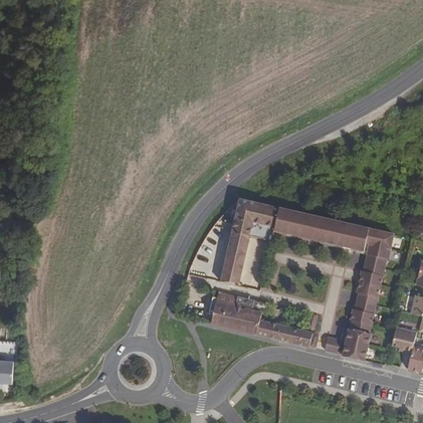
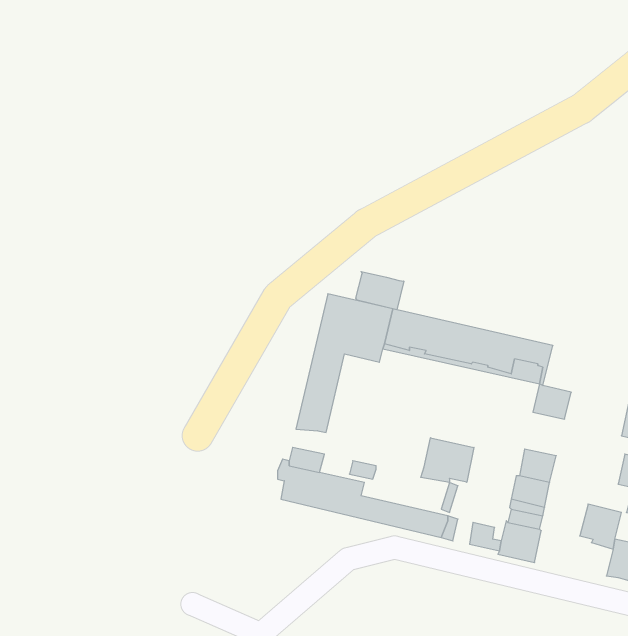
building: none -> [356,272,404,310]
building: [369,229,393,257] -> none
building: [357,269,384,296] -> none
building: none -> [421,438,474,482]

